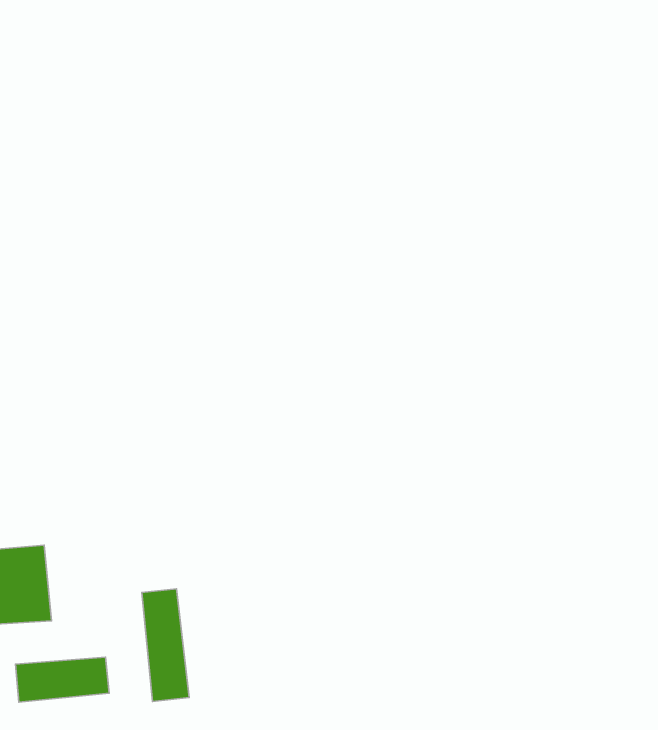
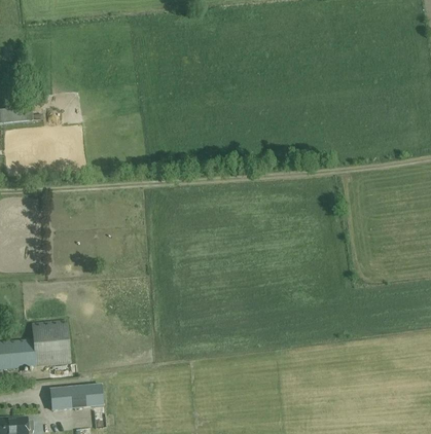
building: [142,589,189,702] -> none

